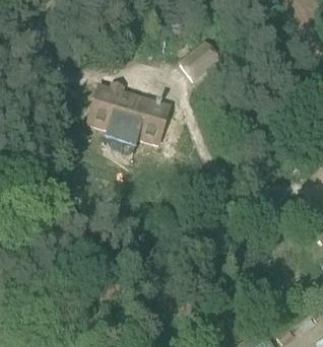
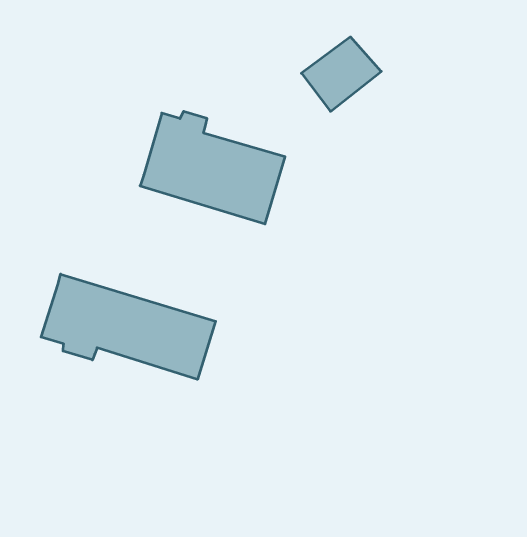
building: none -> [41,274,216,379]

